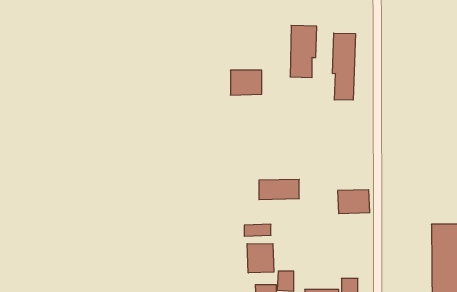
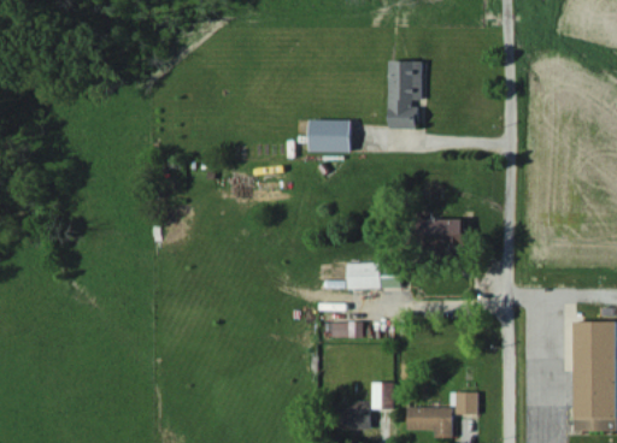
building: [333,33,355,100] -> none
building: [338,190,370,214] -> [423,219,465,250]
building: [247,244,274,273] -> none

